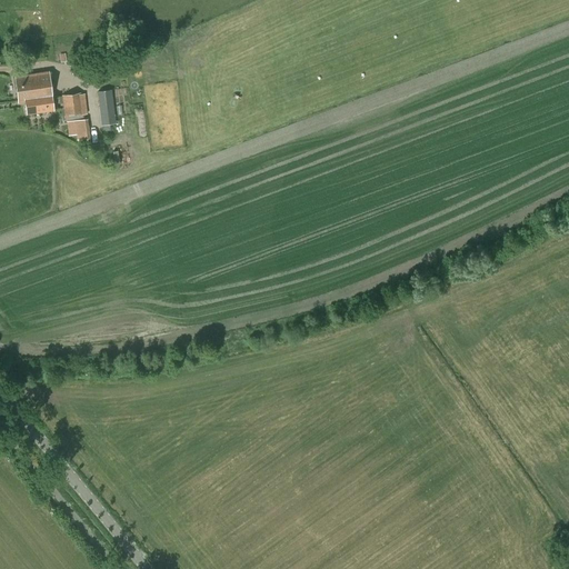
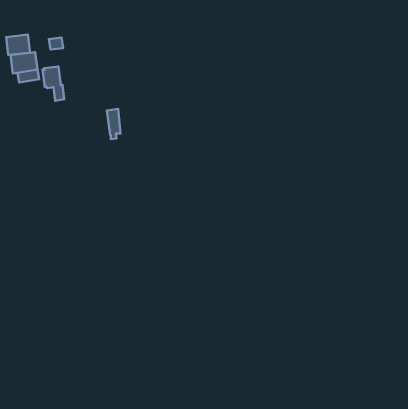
building: none -> [6,34,30,55]
building: [98,89,117,131] -> [107,109,121,139]

